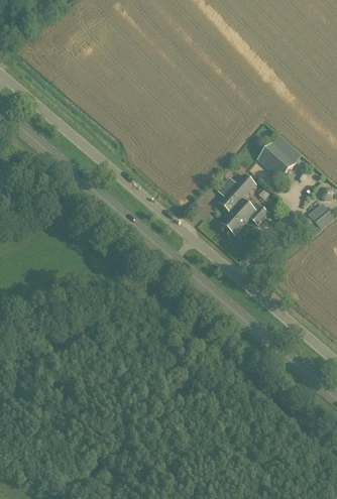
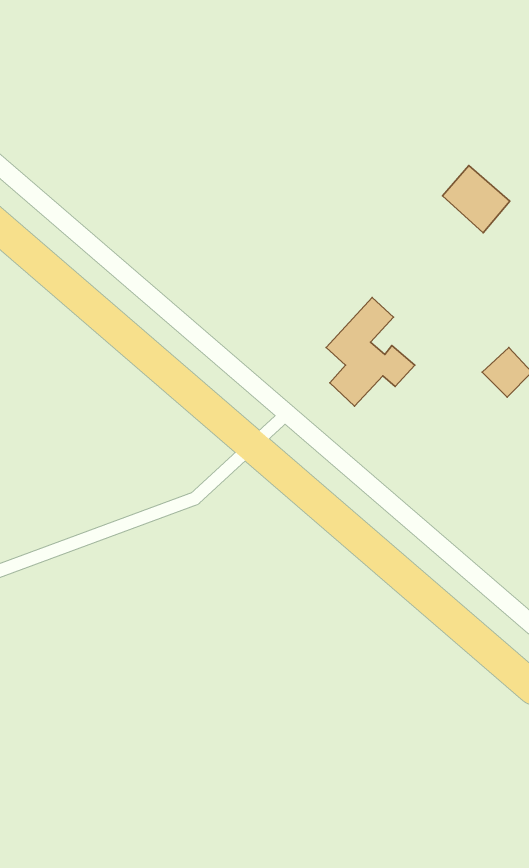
building: [258,139,297,177] -> [442,165,510,233]

